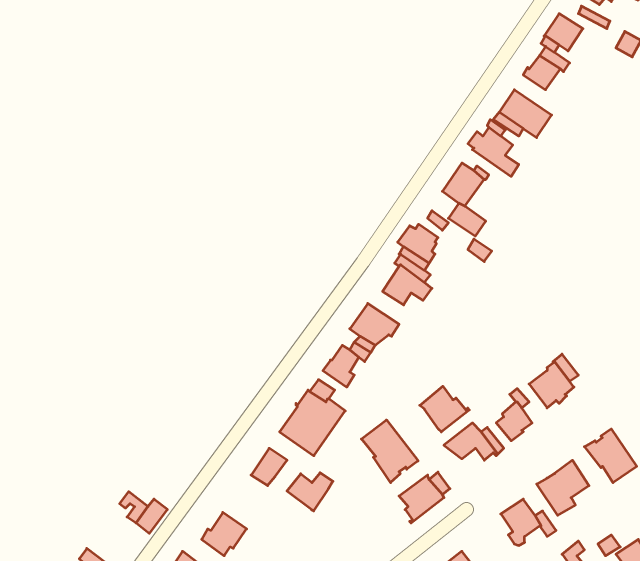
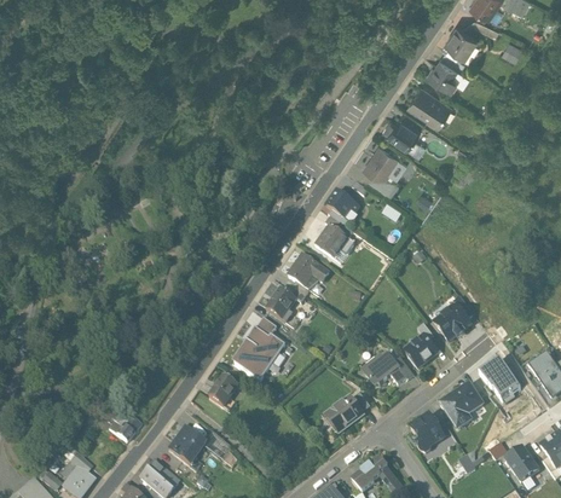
building: [420,386,469,432] -> none
building: [361,420,418,483] -> none
building: [287,473,333,511] -> none

